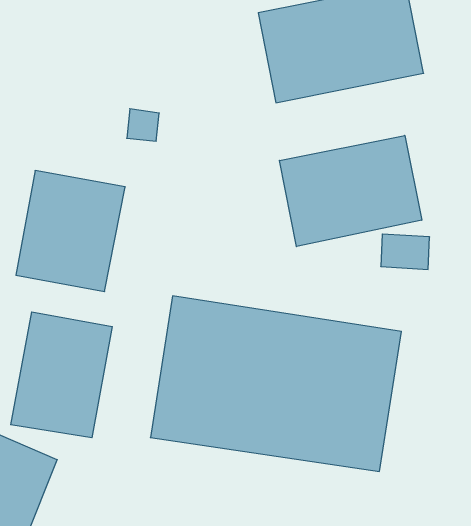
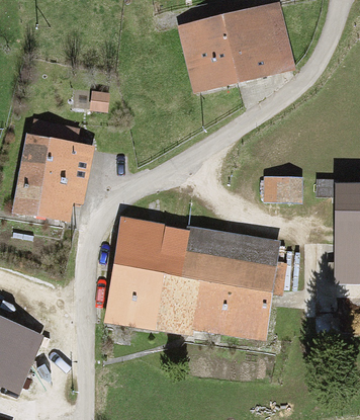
building: [279,135,422,247] -> none
building: [11,312,112,438] -> none

